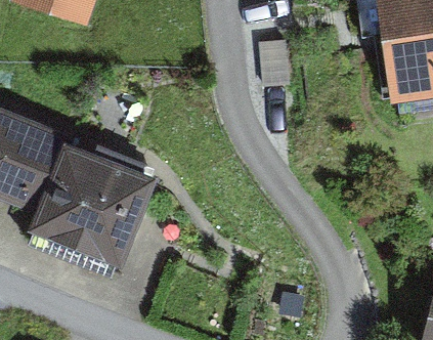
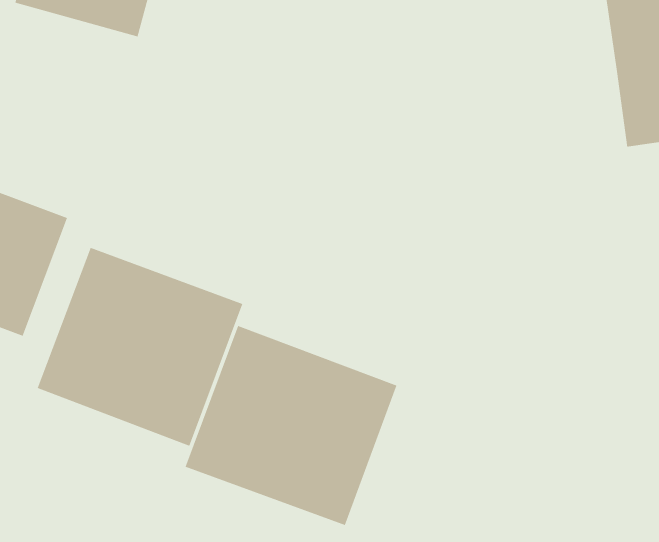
building: none -> [185,325,397,526]

